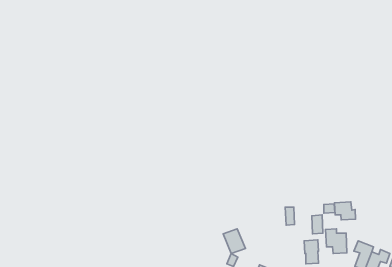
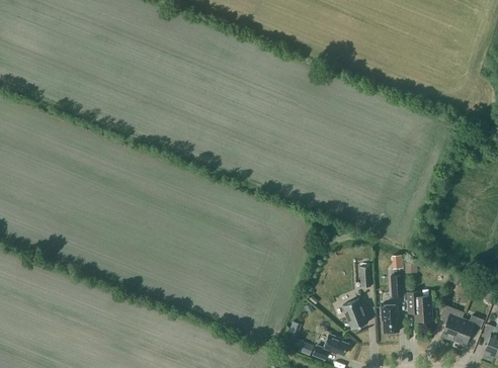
building: [335,202,356,220] -> none
building: [223,229,246,254] -> [342,300,368,330]

